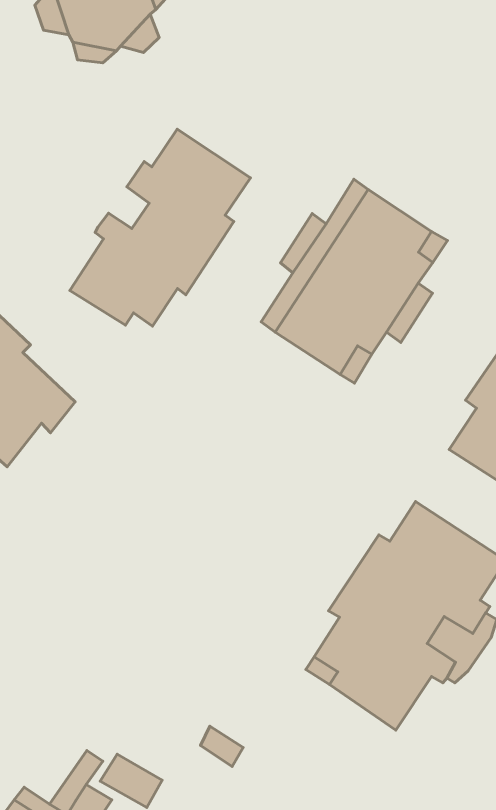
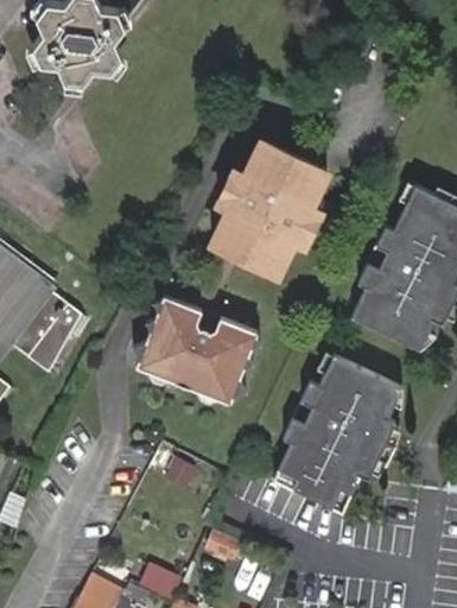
building: [70,129,250,326] -> none
building: none -> [131,299,259,407]

